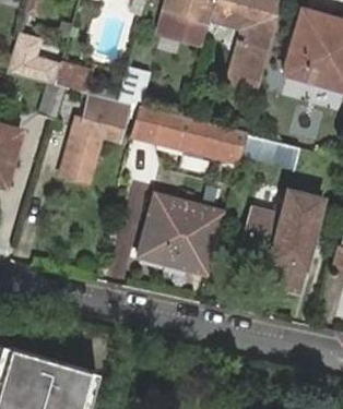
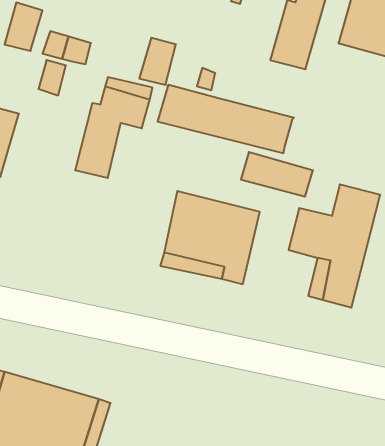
building: [240,134,300,171] -> [241,152,313,197]

